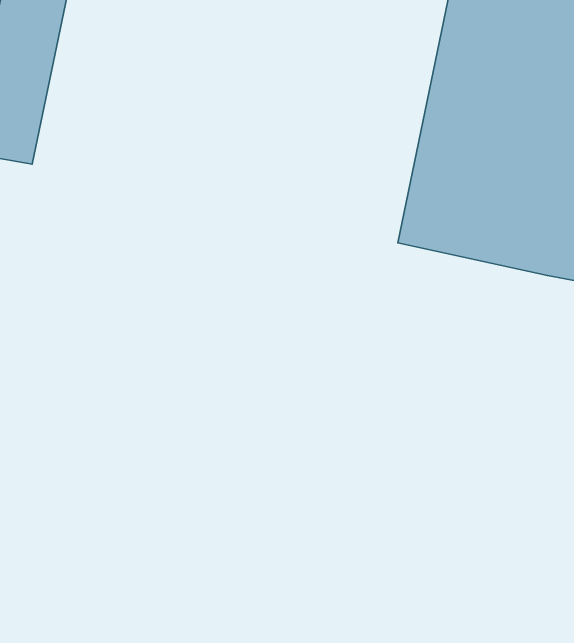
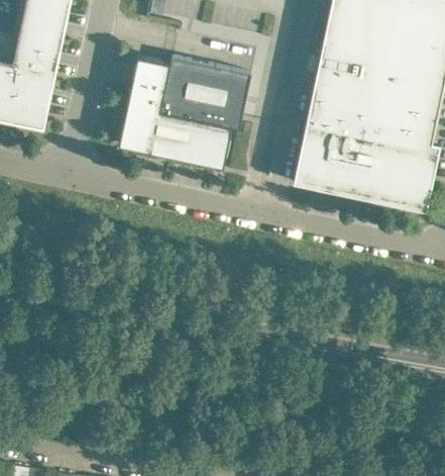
building: none -> [118,58,251,170]

